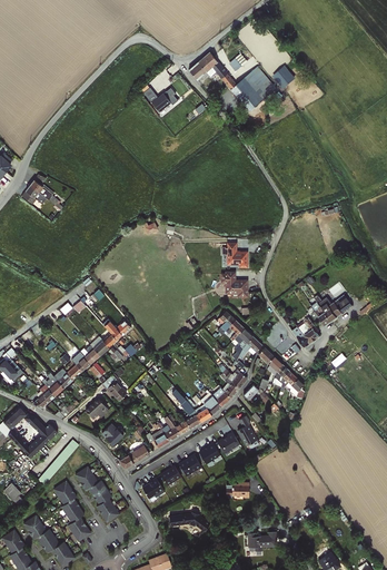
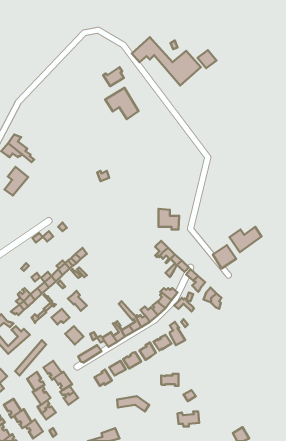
building: none -> [105,88,139,119]
building: none -> [5,167,28,196]
building: [222,240,249,266] -> none

